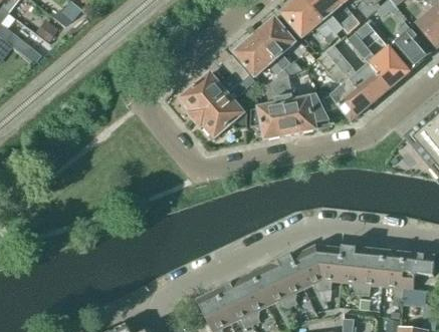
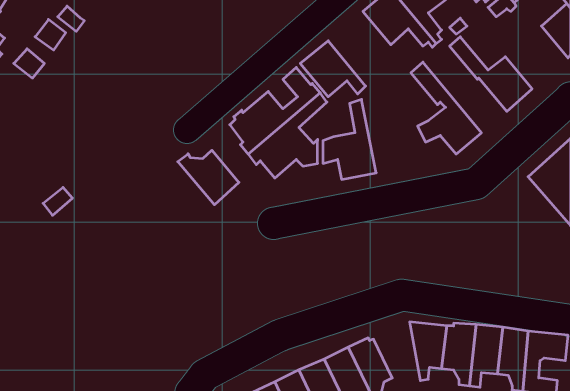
building: [255,17,295,68] -> none
building: [392,18,431,68] -> none
building: [326,44,390,103] -> none
building: [280,74,328,133] -> none
building: none -> [178,150,239,205]
building: [289,246,324,291] -> none

